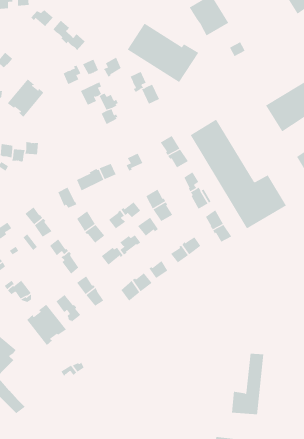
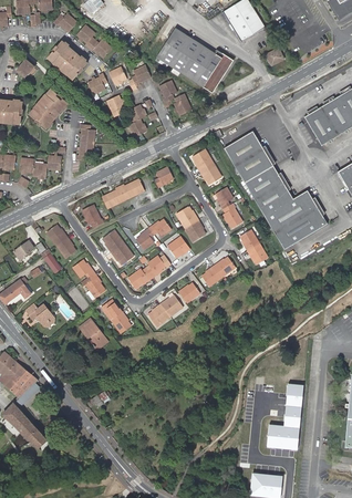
building: none -> [46,40,87,80]
building: none -> [76,124,95,160]
building: [27,304,67,346] -> none

